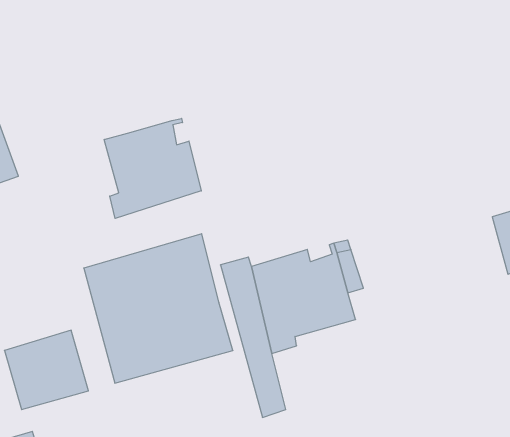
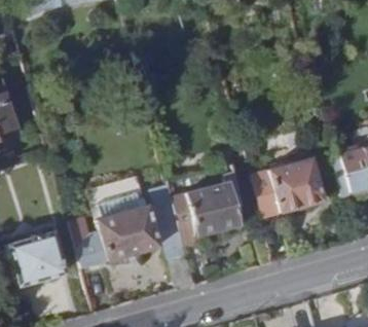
building: [104,118,201,218] -> none
building: none -> [254,158,324,218]

